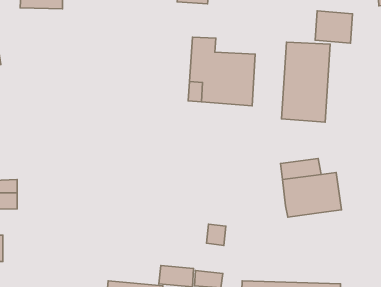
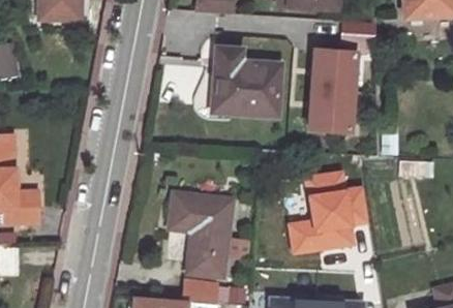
building: none -> [170,193,234,277]
building: none -> [291,220,355,253]

